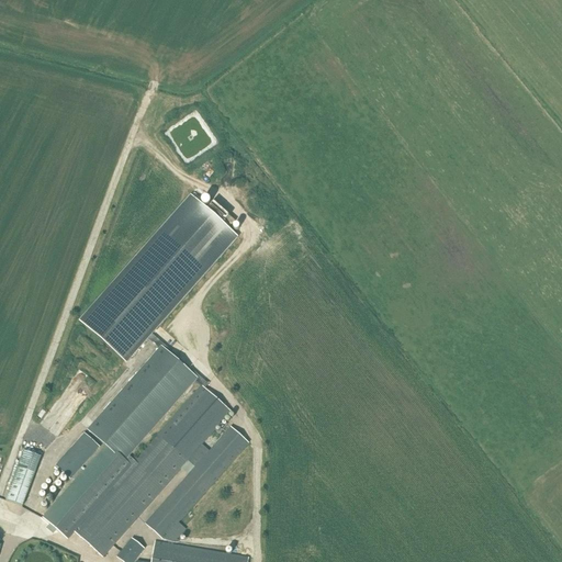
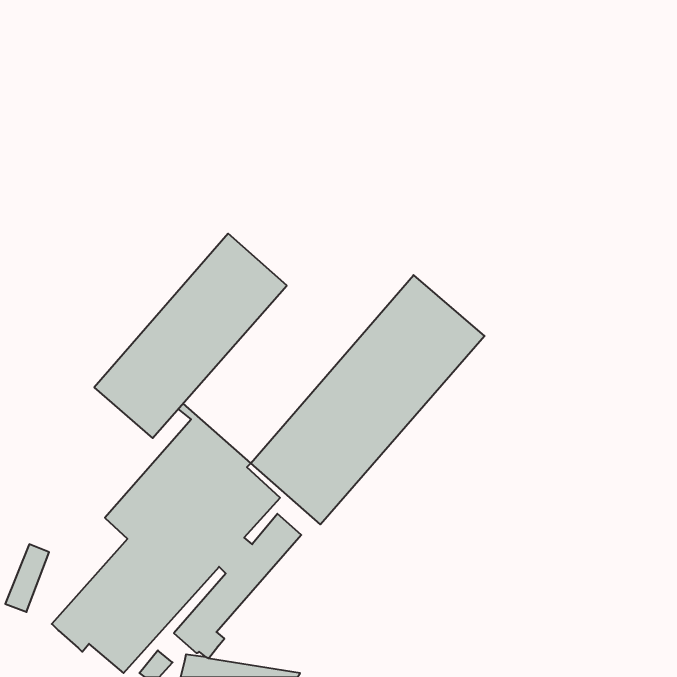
building: none -> [251,275,485,524]
building: [55,432,99,479] -> none

